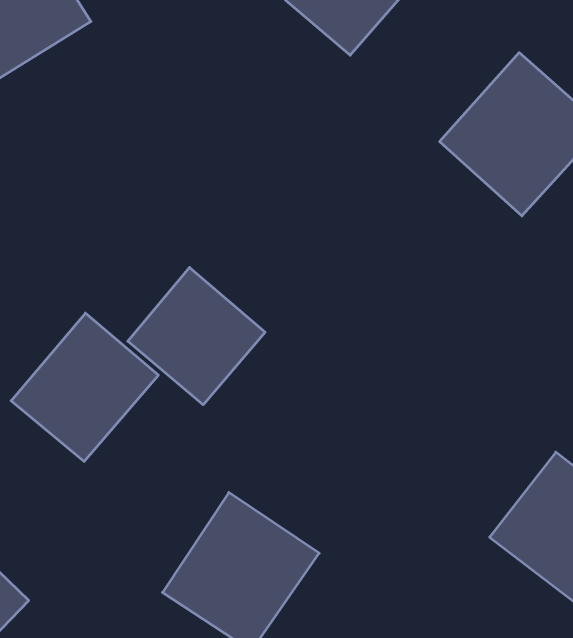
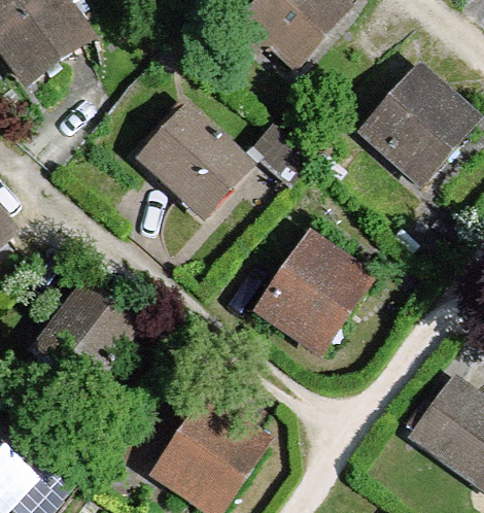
building: none -> [127,93,246,211]
building: [128,267,265,405] -> none
building: none -> [254,230,376,358]

